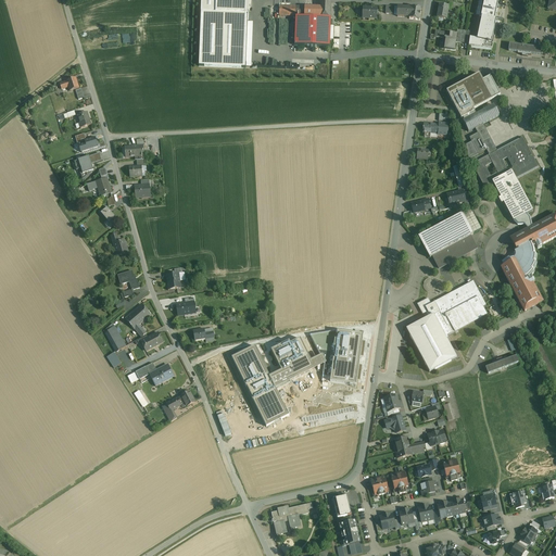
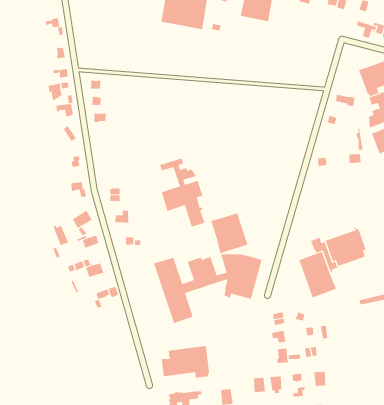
building: [418,212,477,267] -> none
building: none -> [160,157,205,228]
building: none -> [210,212,248,254]
building: none -> [161,345,210,379]

